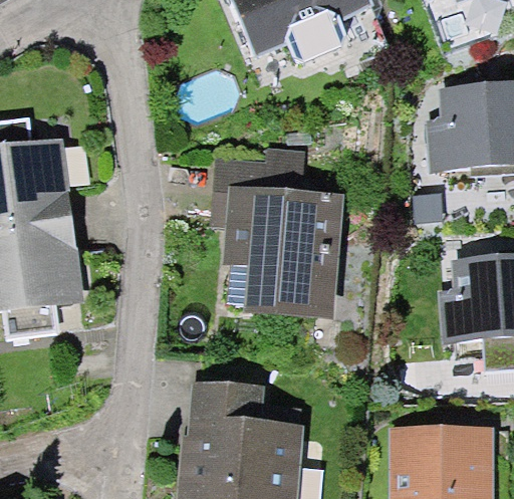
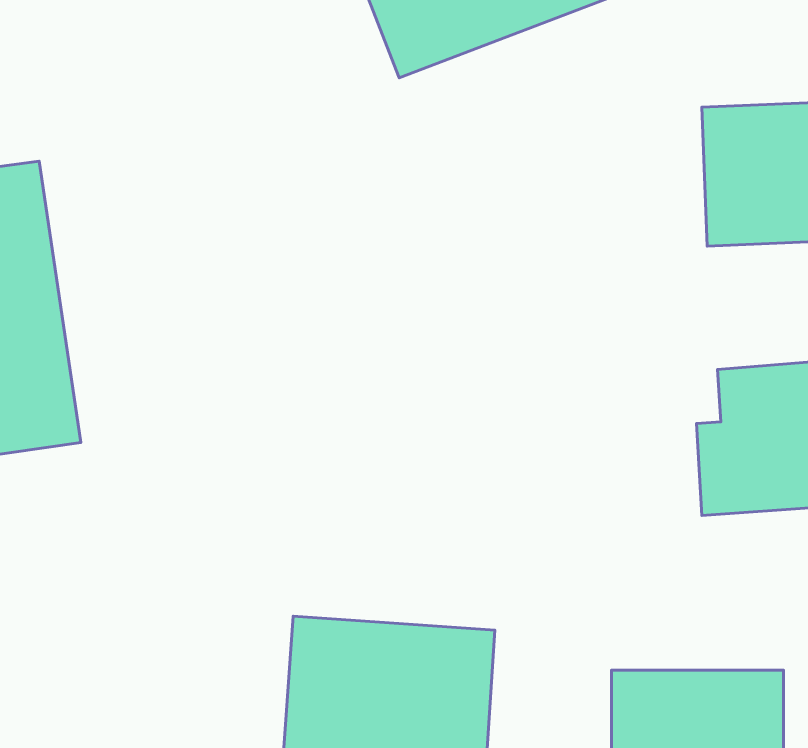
building: [244,201,362,324] -> none

